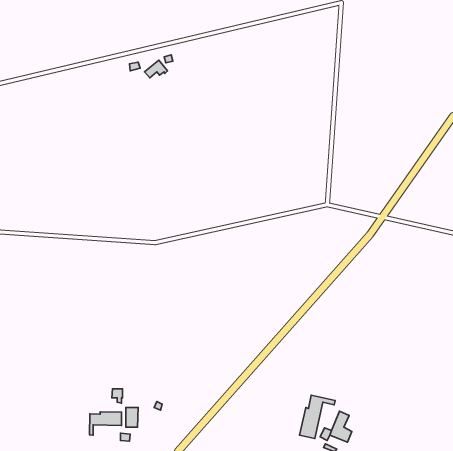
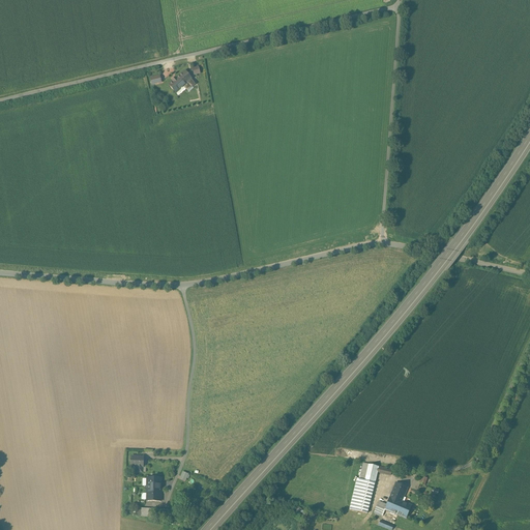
building: [90,412,121,435] -> none

